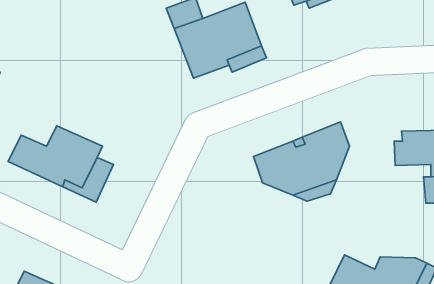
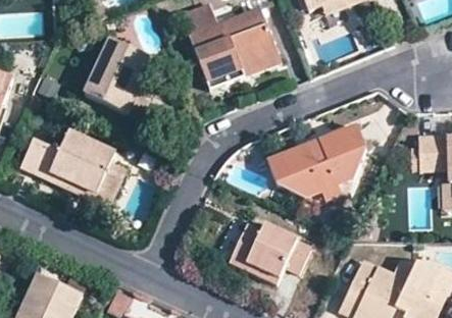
building: none -> [85,38,147,112]
building: none -> [229,221,310,281]

